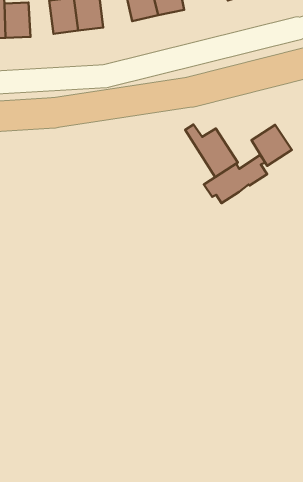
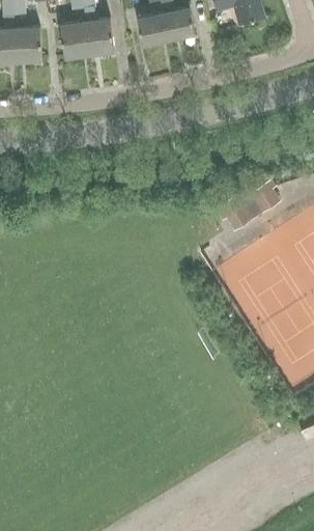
building: [185,124,238,177] -> none
building: [251,125,292,166] -> none

